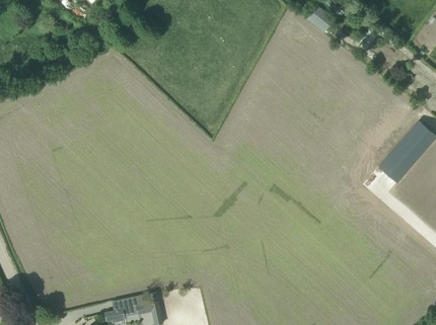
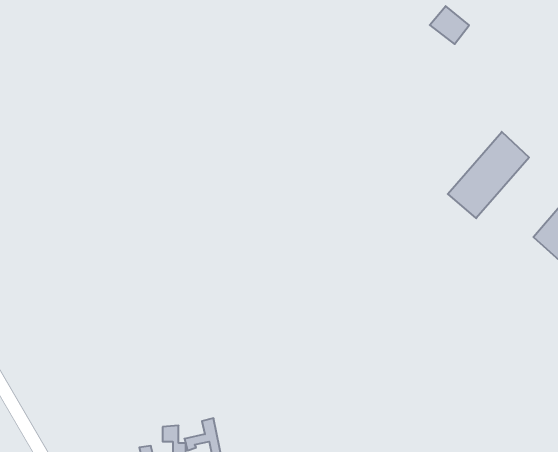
building: none -> [448,132,529,218]

